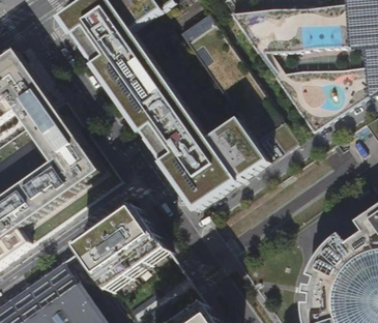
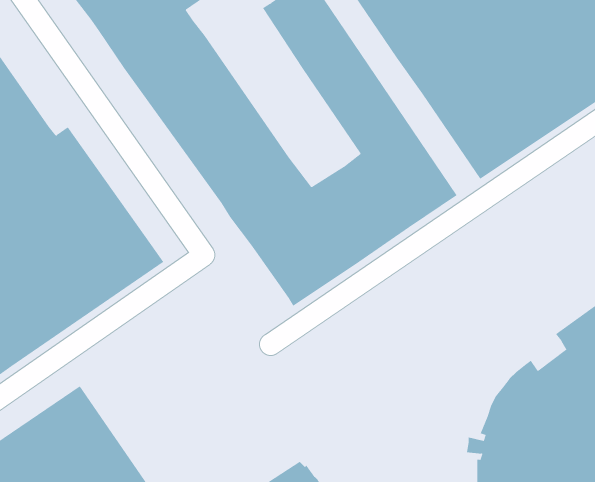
building: [78,207,168,294] -> none

